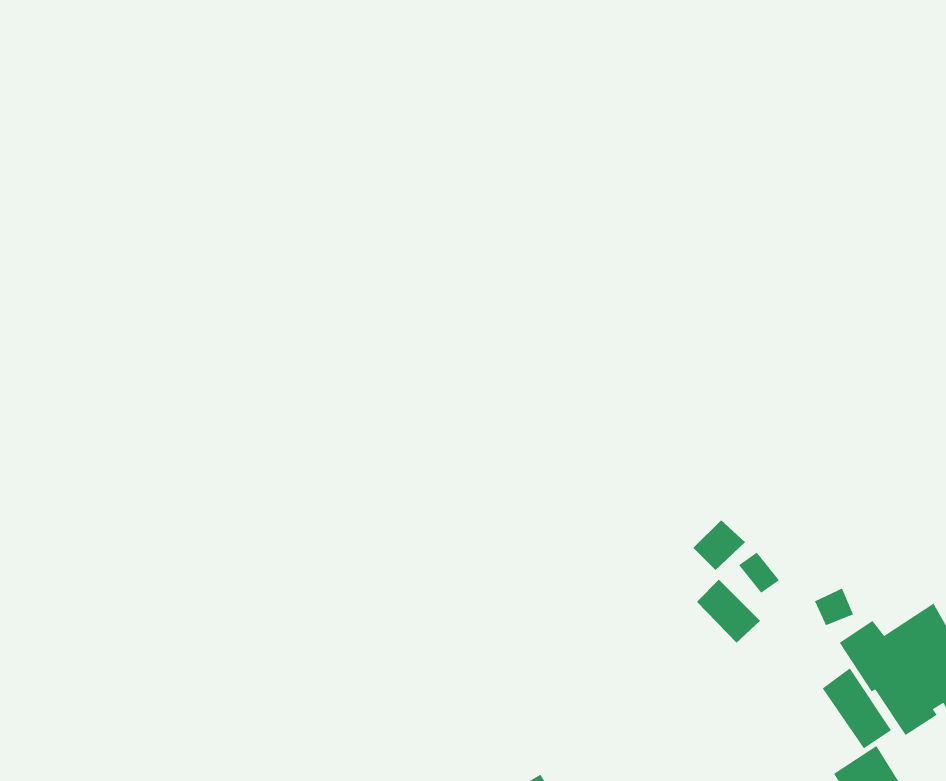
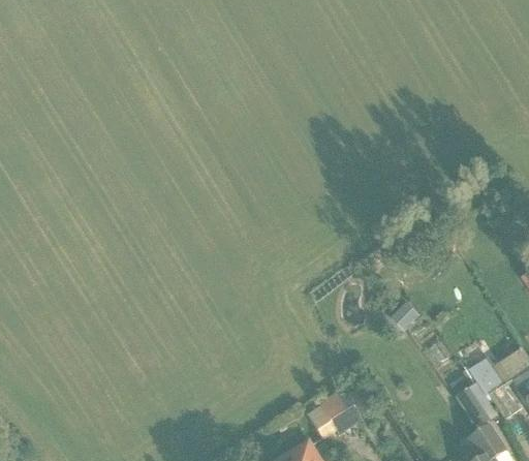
building: [696,579,761,644] -> none
building: none -> [318,391,361,437]

